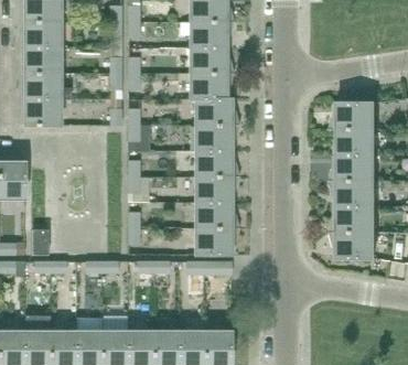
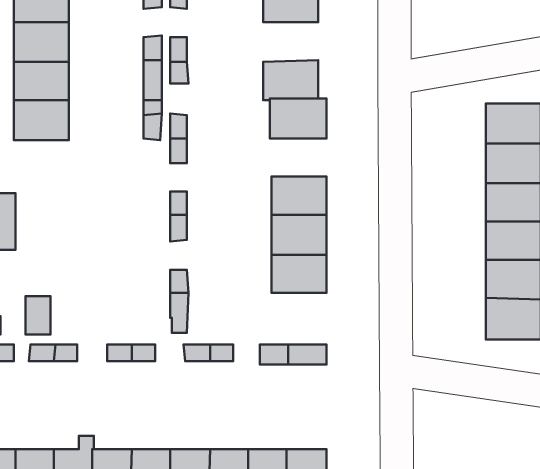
building: [190,47,226,74] -> none
building: [194,125,232,150] -> none
building: [187,227,232,255] -> none

